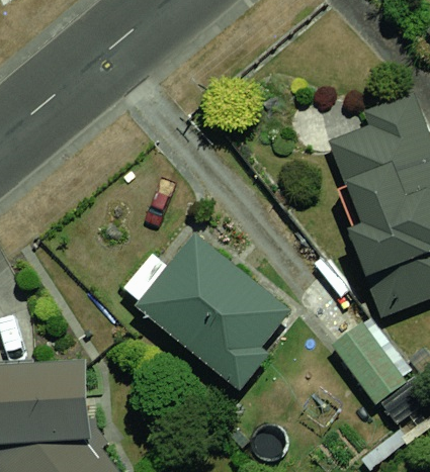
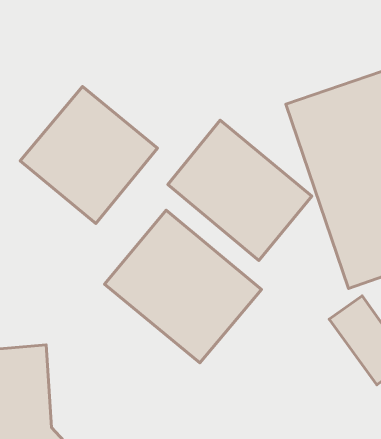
building: none -> [20,87,158,223]
building: none -> [168,120,312,260]

